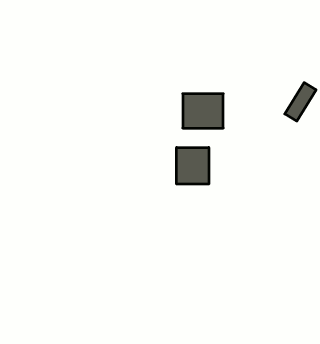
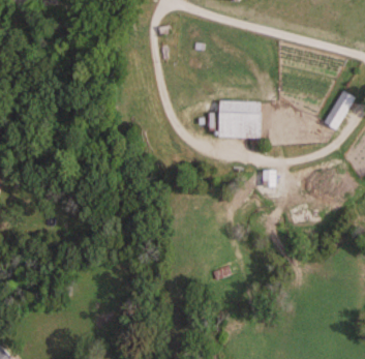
building: [177,147,209,184] -> none

